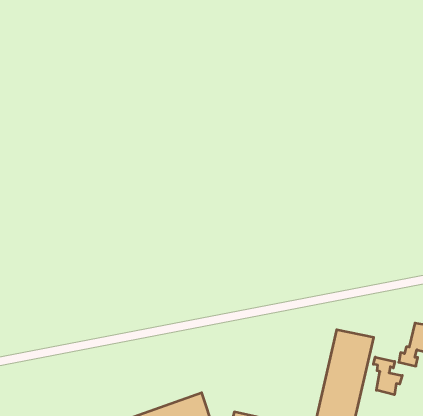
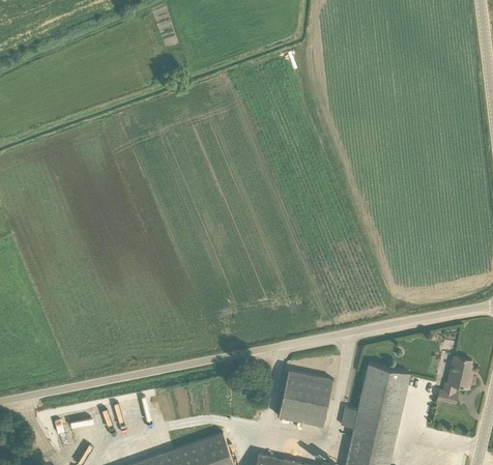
building: none -> [278,372,332,428]
building: [373,357,402,395] -> none

